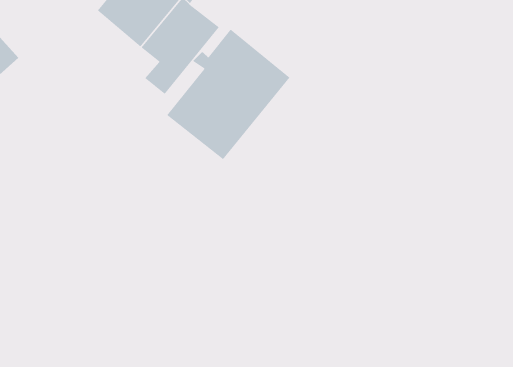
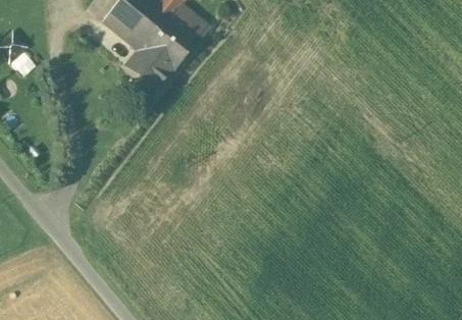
building: [166,28,290,160] -> none

